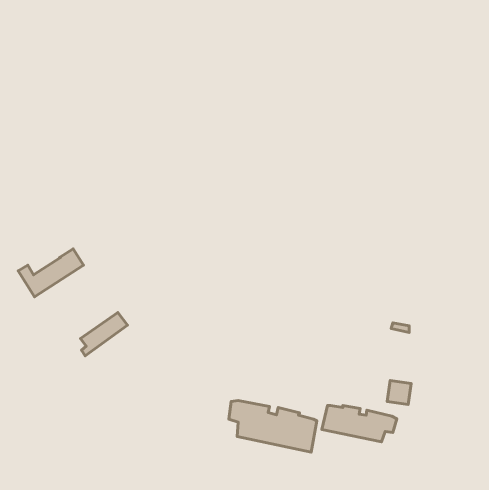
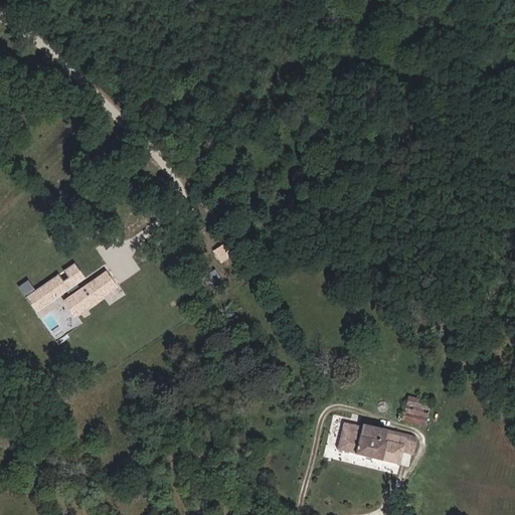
building: [80,313,128,356] -> [65,273,115,318]
building: [229,400,317,452] -> none

